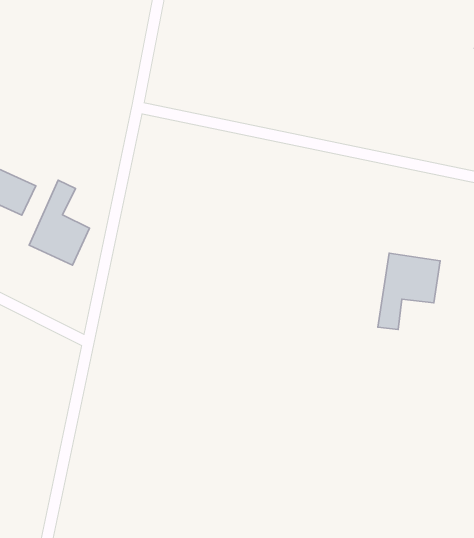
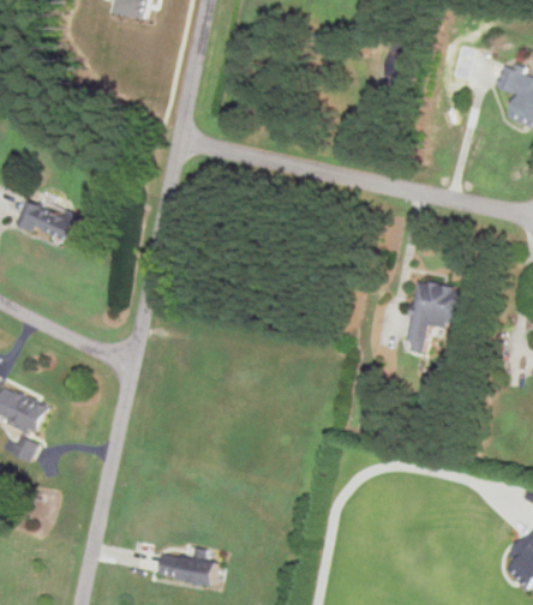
building: [29,180,89,265] -> none

